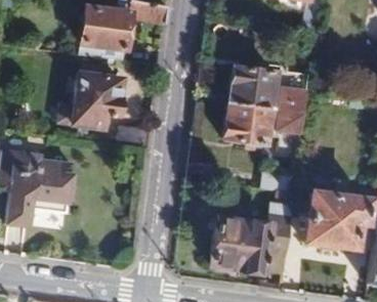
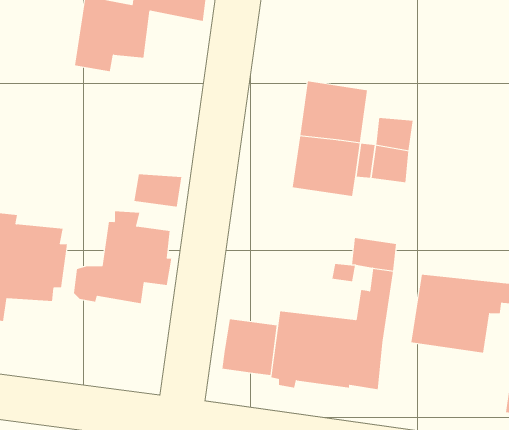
building: [56,67,123,129] -> [73,211,172,304]
building: none -> [222,319,277,376]

